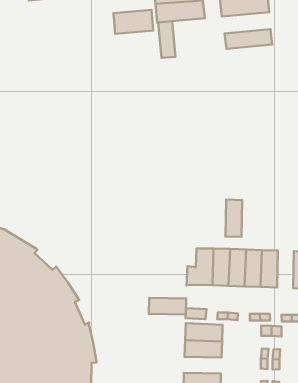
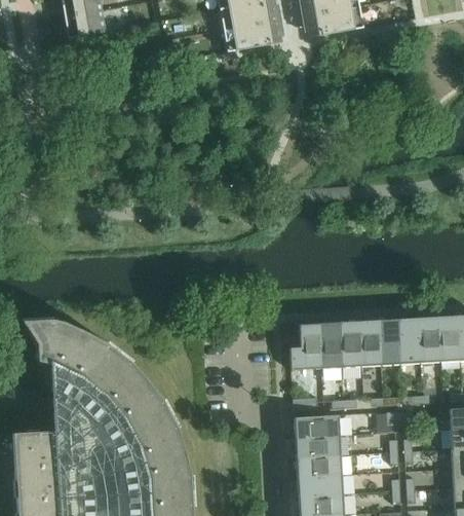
building: [114,10,153,34] -> none
building: [158,21,176,58] -> none
building: [225,29,272,49] -> none
building: [226,200,242,237] -> [399,318,422,364]
building: [149,298,186,315] -> [297,455,343,478]

